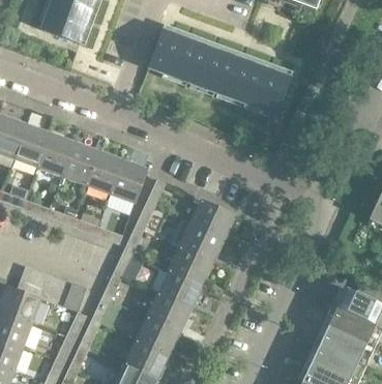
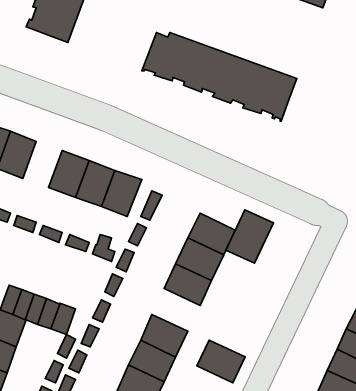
building: [37,134,74,176] -> none
building: none -> [226,210,274,263]
building: [156,269,201,308] -> [197,340,245,383]

